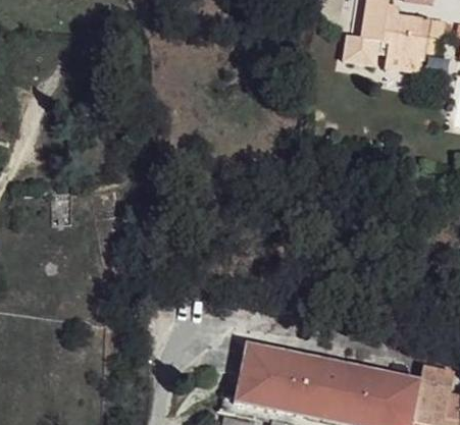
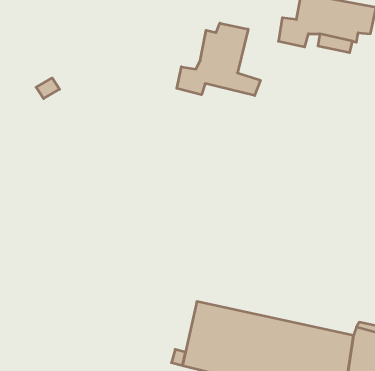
building: none -> [177,23,260,96]

